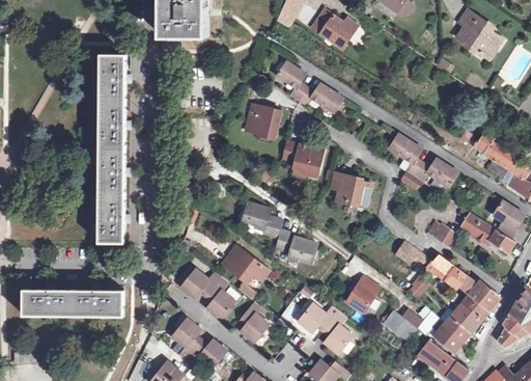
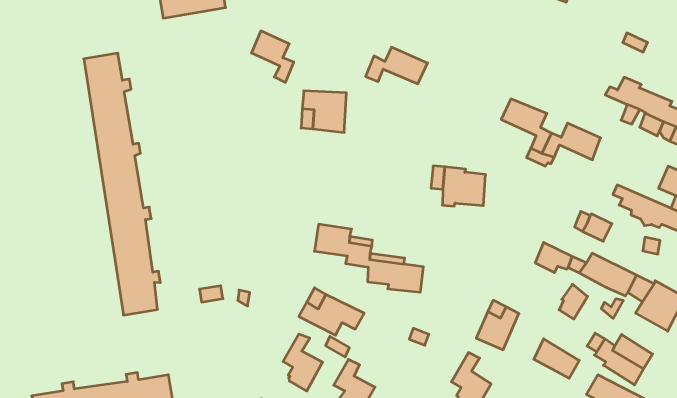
building: [277,61,306,101] -> [251,31,294,82]
building: [282,143,325,176] -> none
building: [179,268,220,295] -> none
building: [447,301,482,332] -> none
building: [297,302,338,329] -> none

